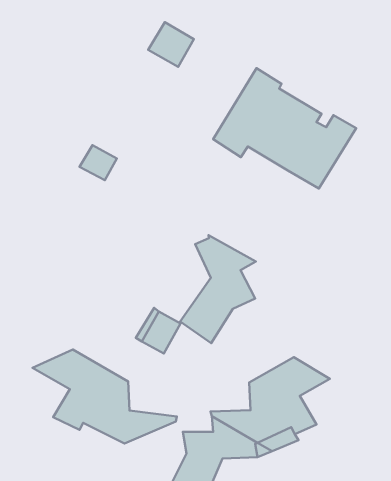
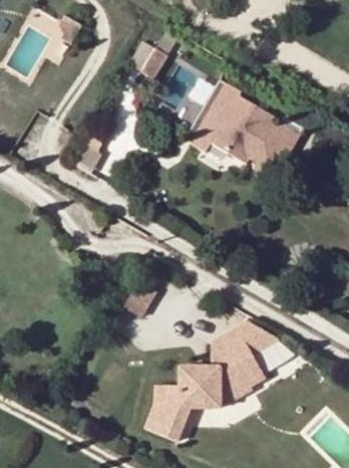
building: [180,235,256,343] -> none
building: [33,350,177,443] -> none

